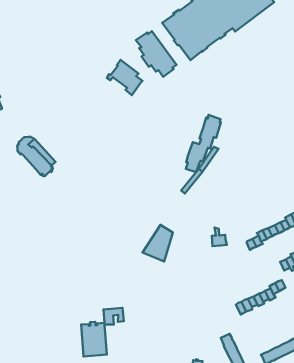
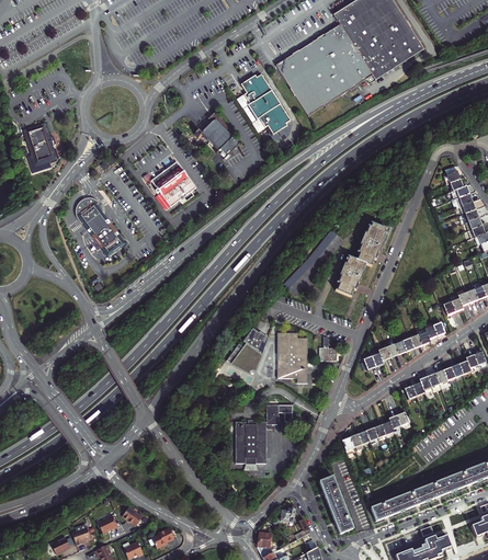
building: none -> [148,164,193,208]
building: [186,115,221,172] -> [337,221,387,295]
building: none -> [279,333,309,384]
building: [81,308,124,356] -> [235,404,291,464]

